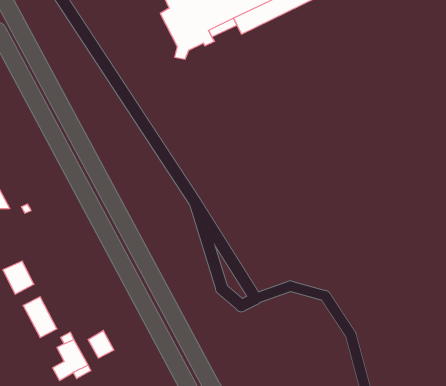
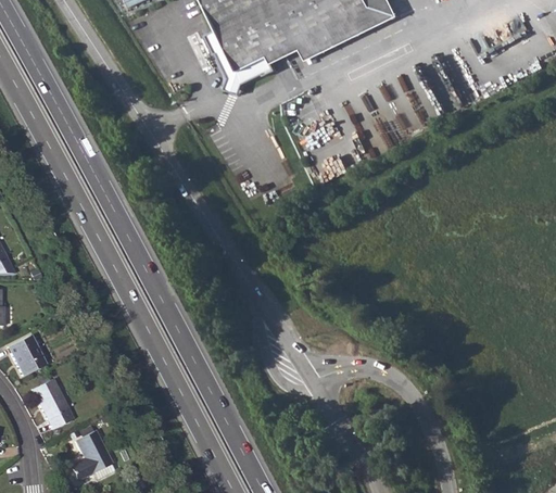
building: [88,330,114,358] -> none

